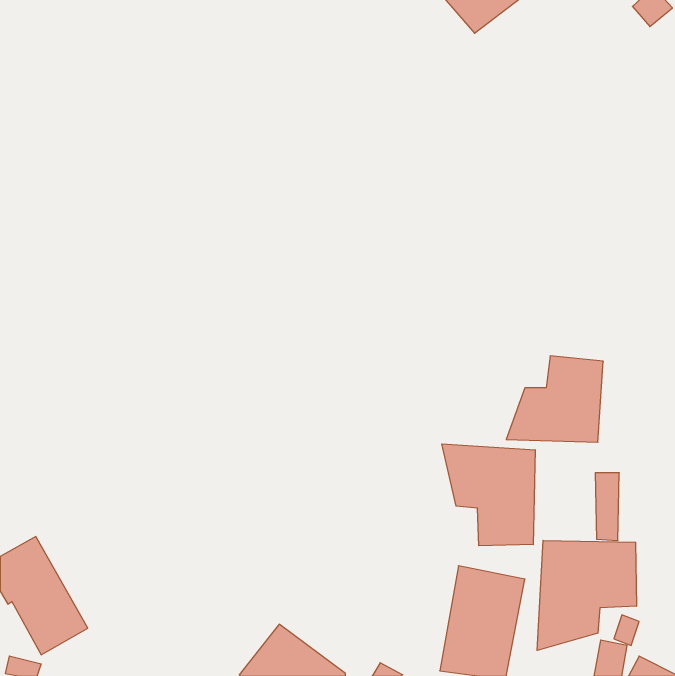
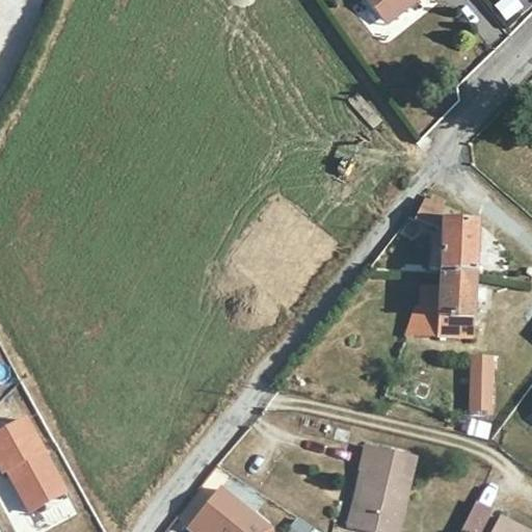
building: none -> [405,201,477,283]
building: [442,444,535,546] -> none
building: [537,540,636,650] -> none

